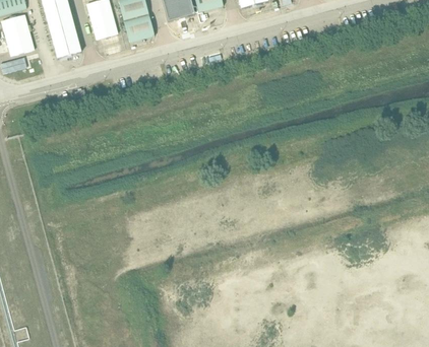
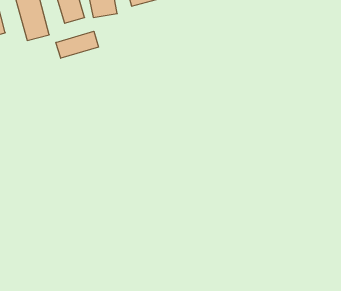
building: none -> [56,31,99,58]

